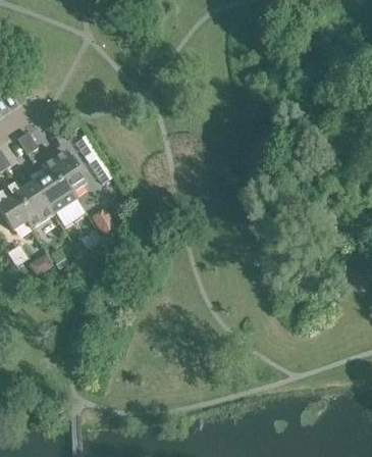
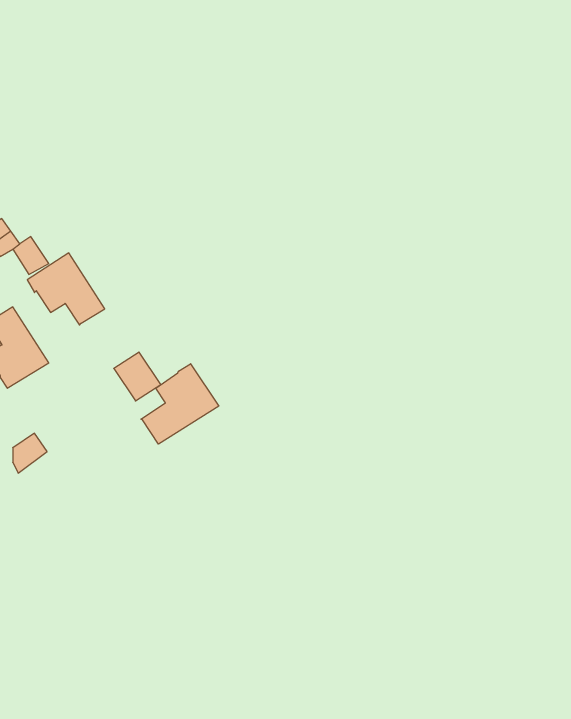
building: [34,171,76,212] -> none
building: none -> [141,364,219,444]

